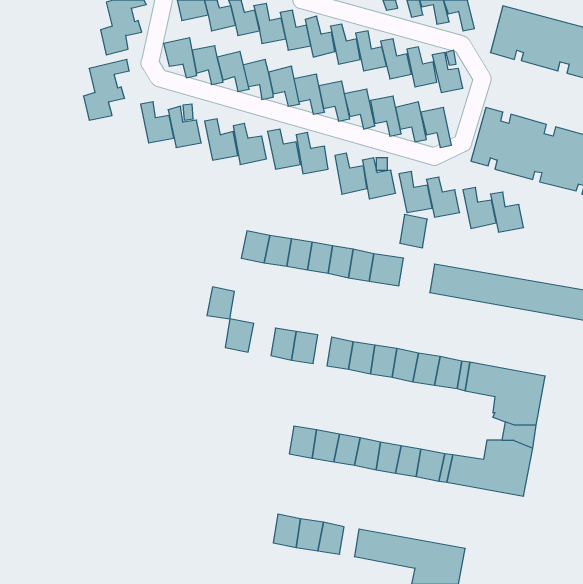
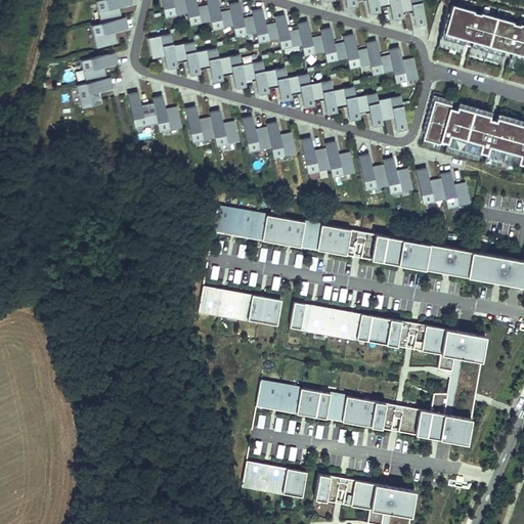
building: [400,215,427,248] -> [365,232,390,262]
building: [207,287,234,319] -> [223,290,248,318]

